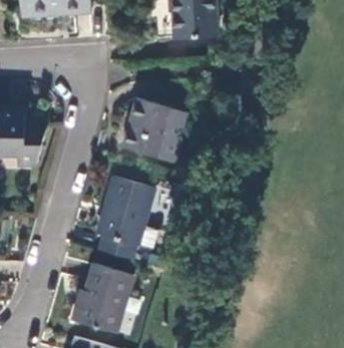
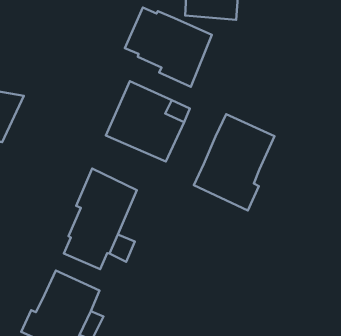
building: none -> [125,7,212,87]
building: none -> [194,114,274,210]

